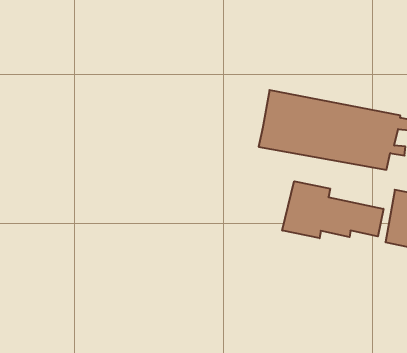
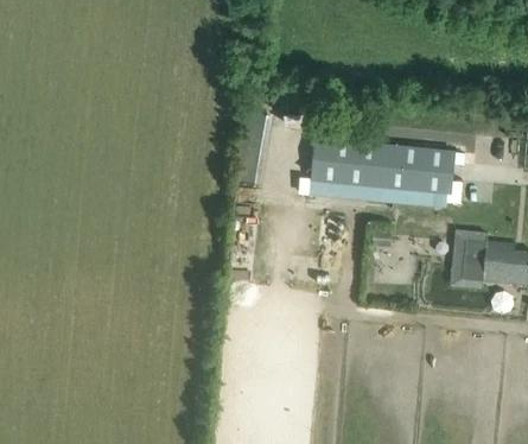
building: [282,181,383,238] -> none

